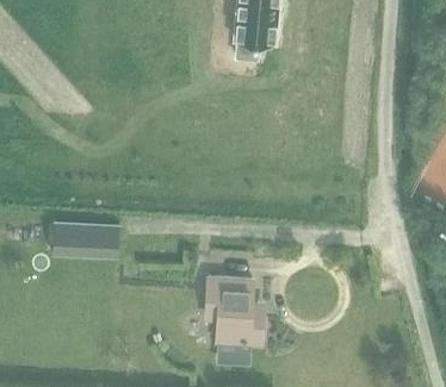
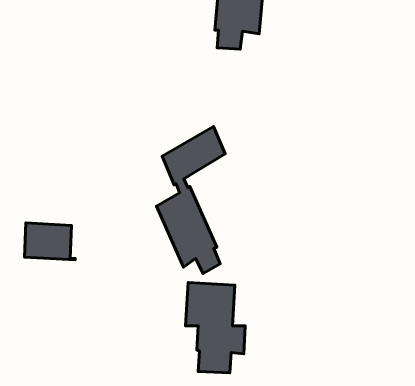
building: none -> [157,126,225,273]

